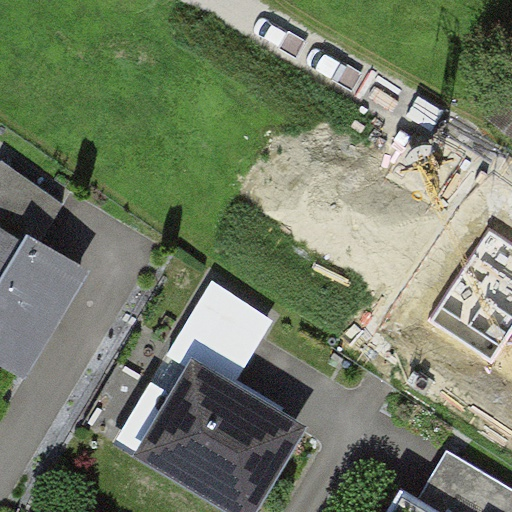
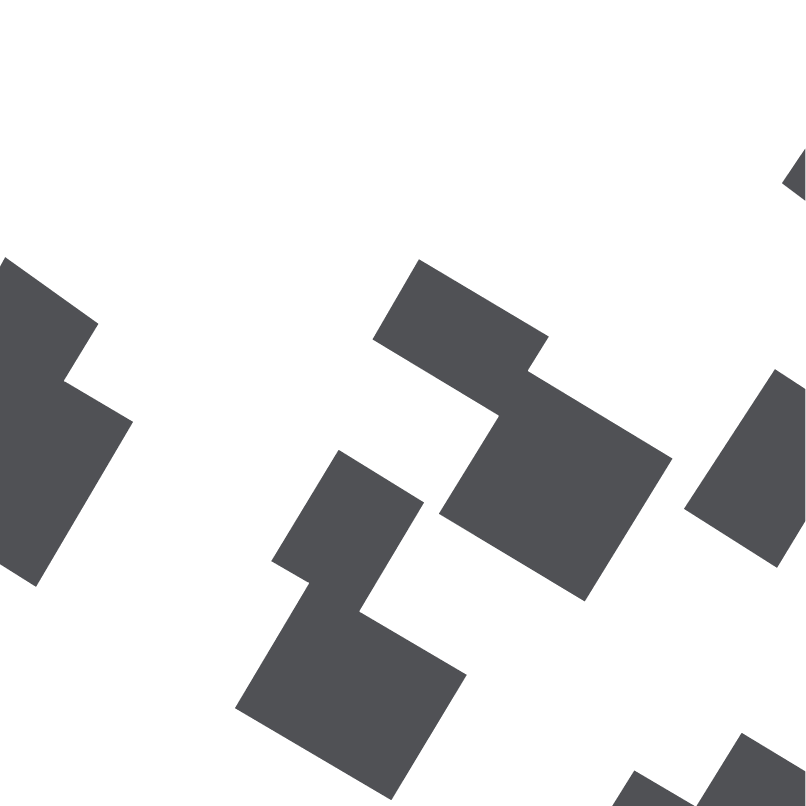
building: none -> [372,258,673,602]

